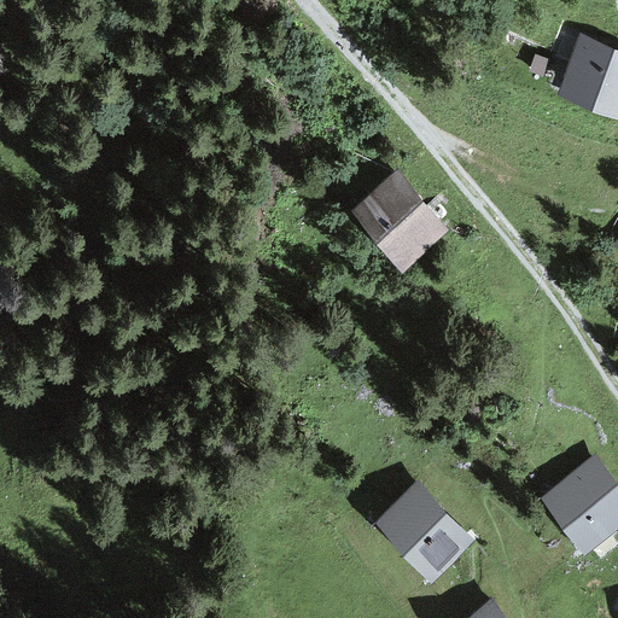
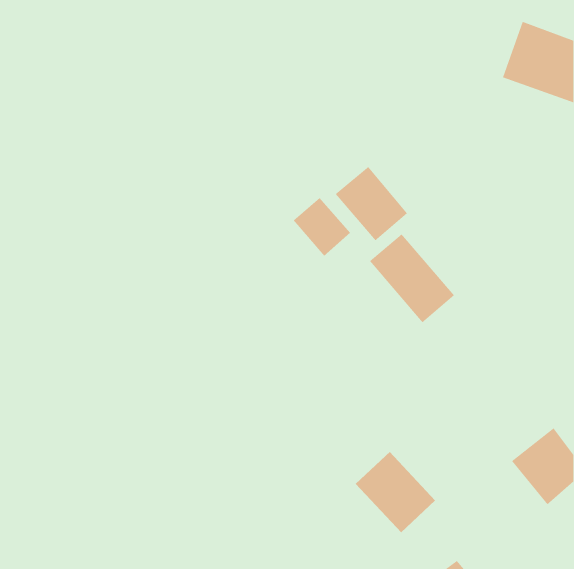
building: none -> [293,197,351,256]
building: none -> [369,233,455,323]

